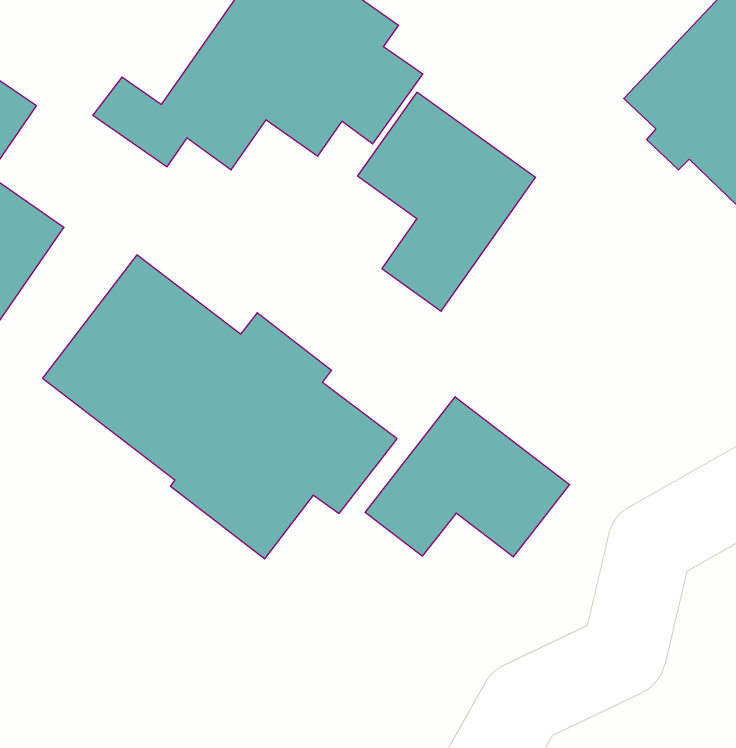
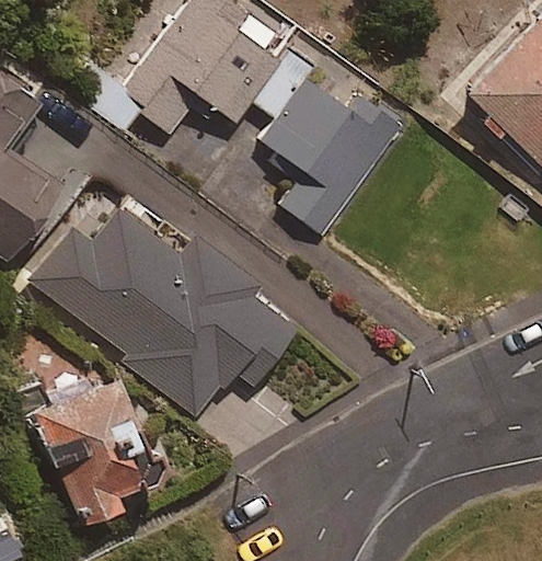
building: [365,397,570,557] -> none
building: none -> [22,365,161,526]

